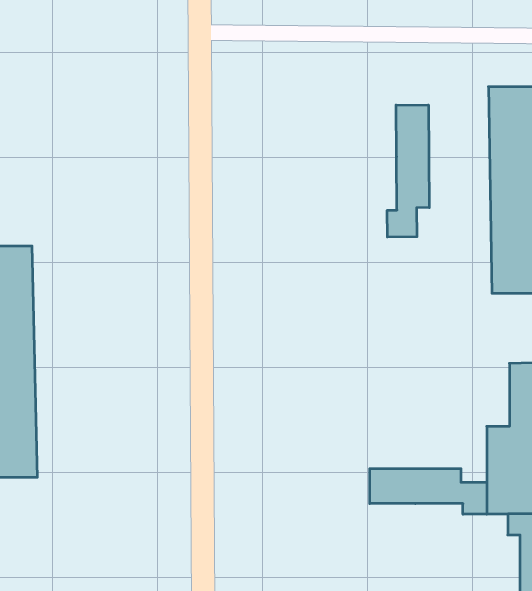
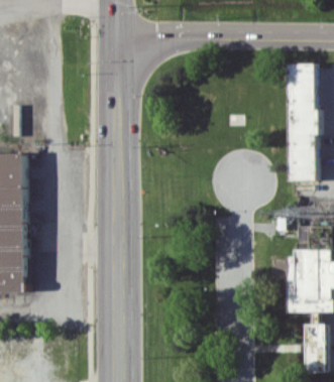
building: [387,105,429,237] -> none
building: [370,469,487,514] -> none

